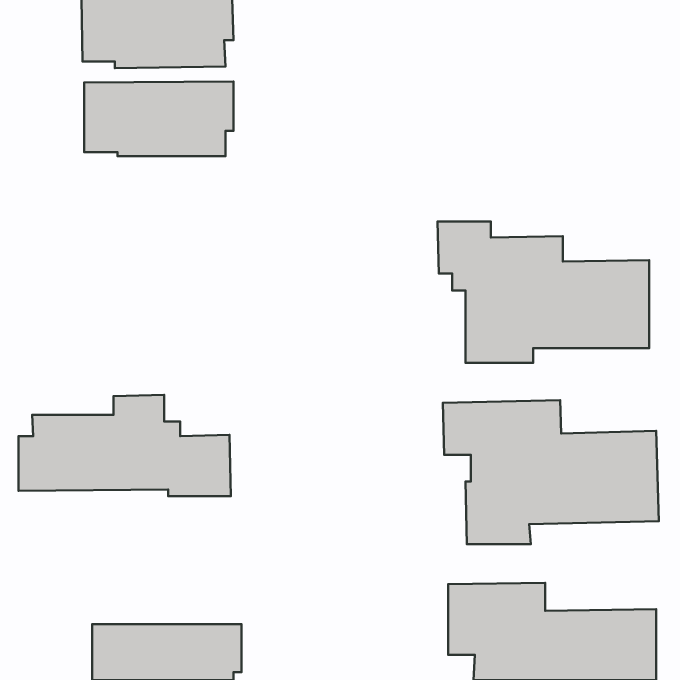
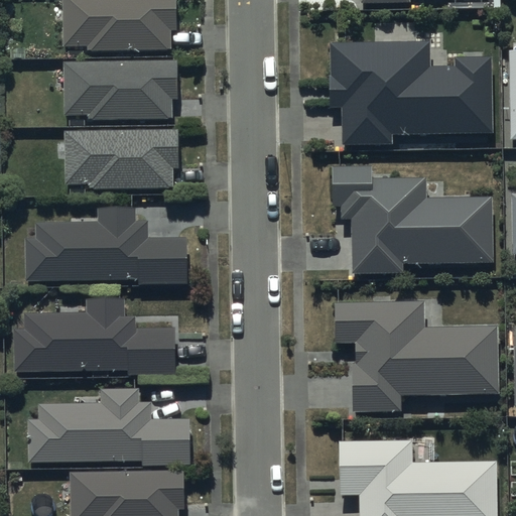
building: none -> [330,42,491,143]
building: none -> [63,129,177,188]
building: none -> [25,208,187,284]
building: none -> [27,389,190,467]

